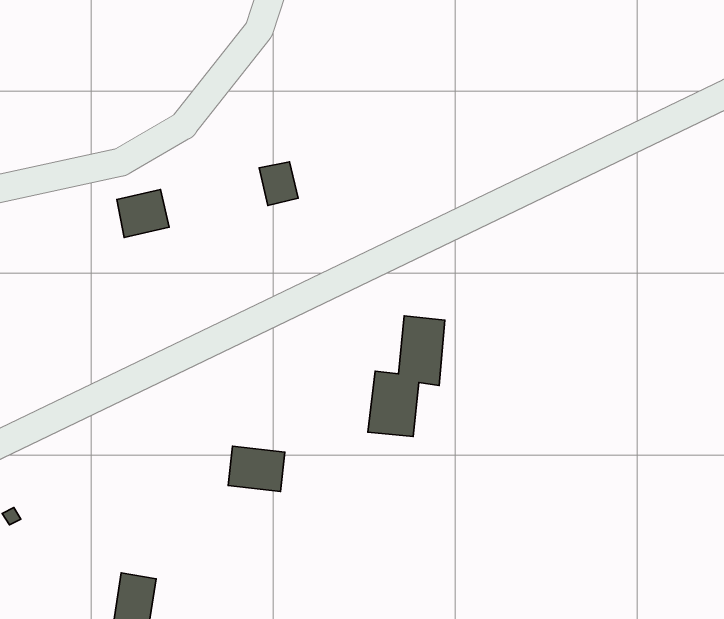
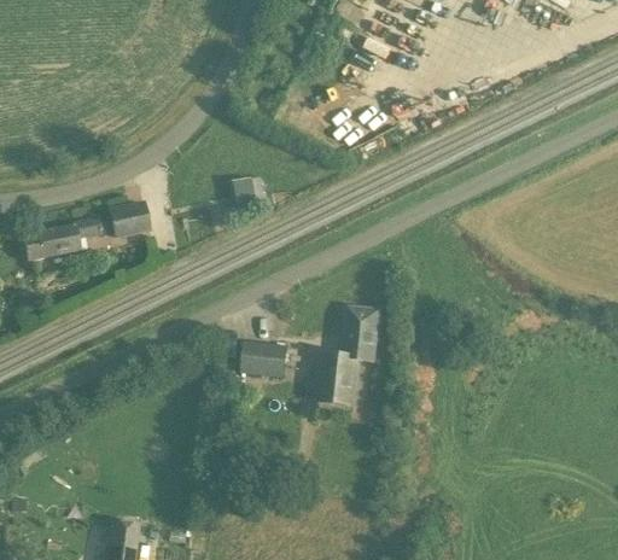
building: none -> [23,216,101,261]
building: [228,446,285,491] -> [241,340,288,378]

